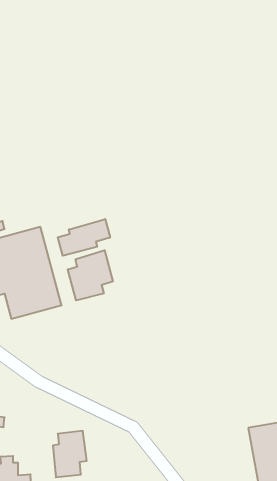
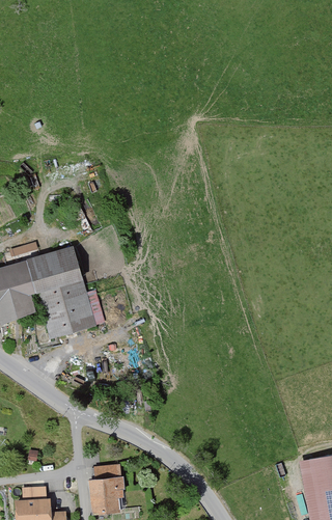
building: [58,219,110,256] -> none
building: [68,250,113,300] -> none

